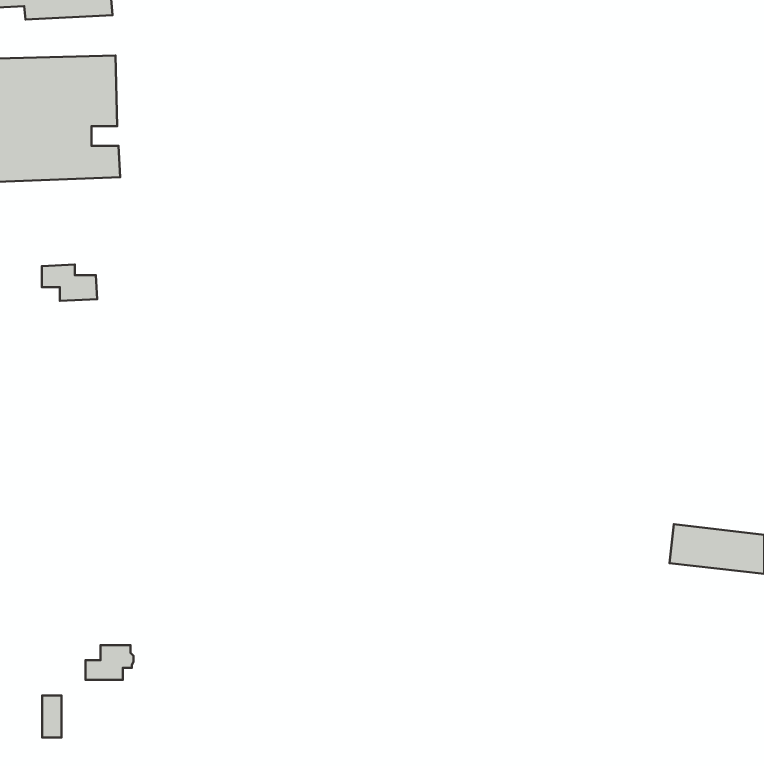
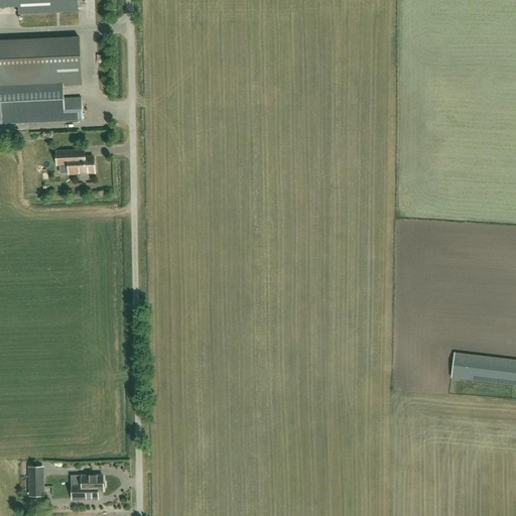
building: [42,265,97,301] -> [55,149,93,173]
building: [85,645,133,680] -> [71,475,103,498]

